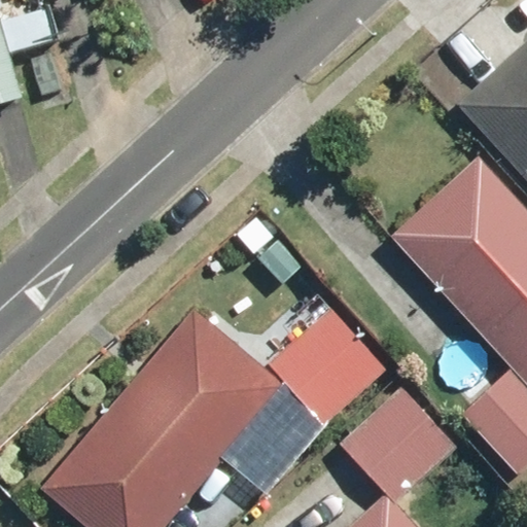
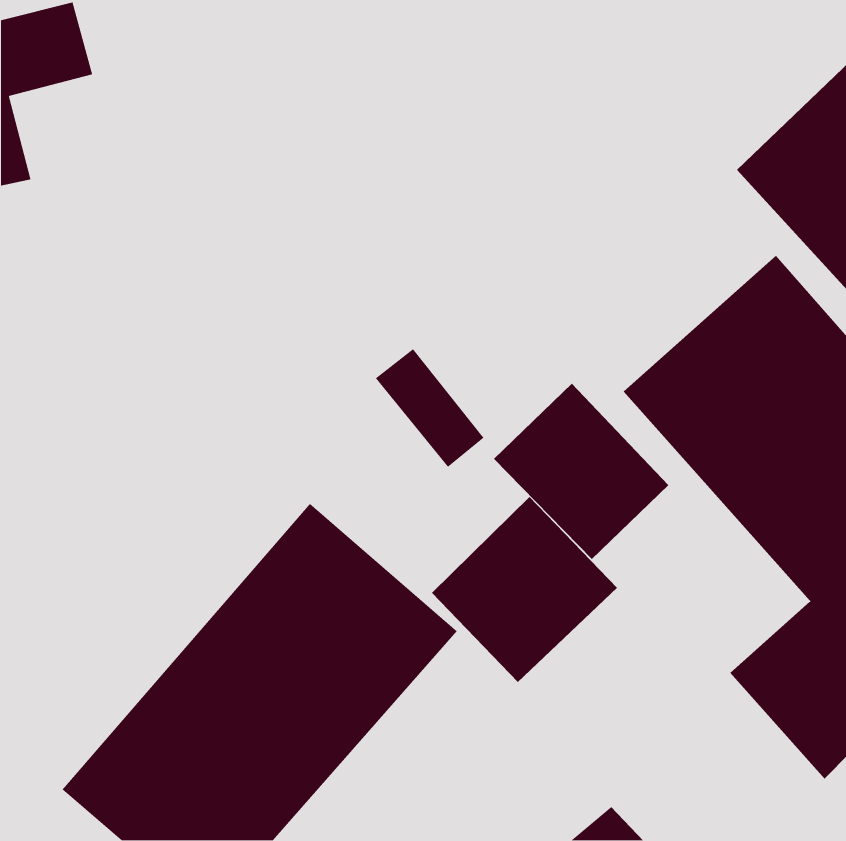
building: none -> [493,383,669,560]
building: [339,383,460,504] -> none

